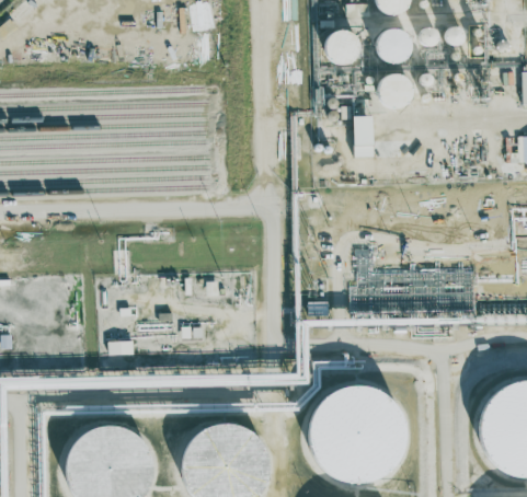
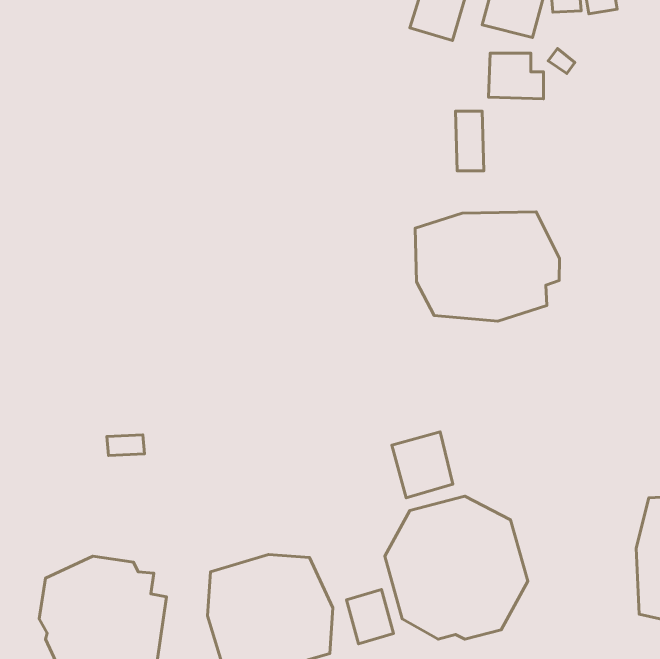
building: none -> [415,212,560,321]
building: none -> [392,432,453,498]
building: none -> [346,589,394,644]

